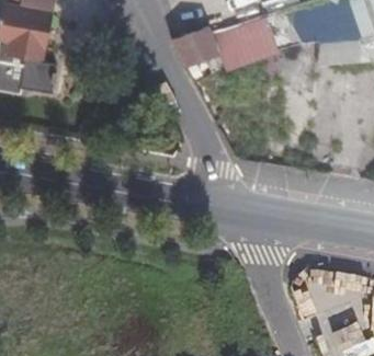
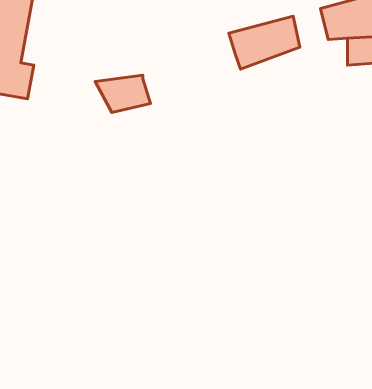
building: [175,32,223,64] -> [95,75,151,112]

